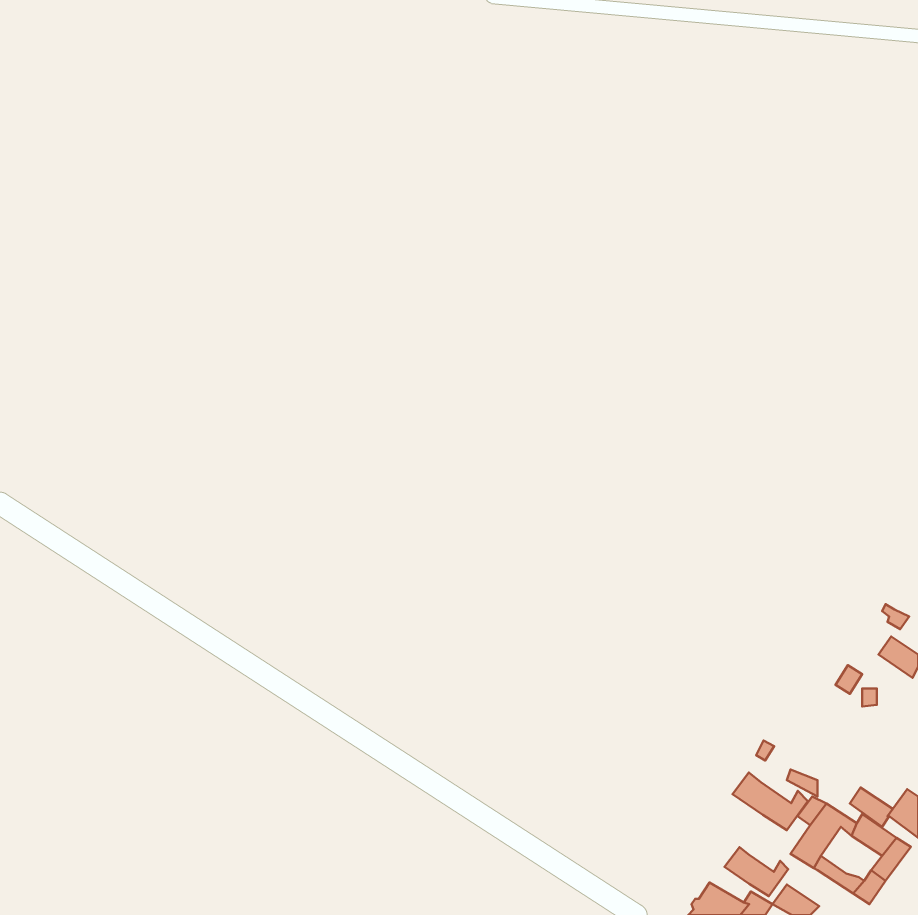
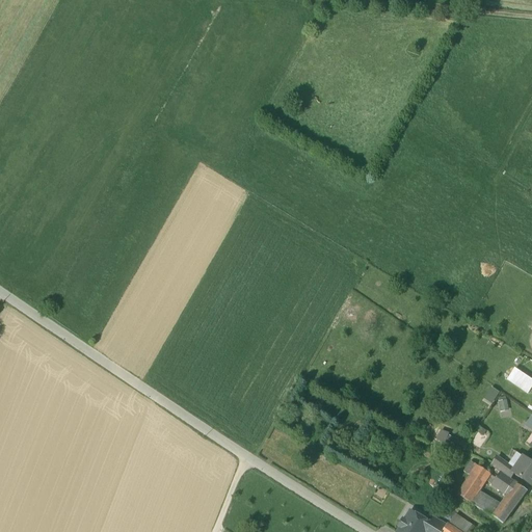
building: [732,773,808,830] -> none
building: [725,847,788,896] -> none

